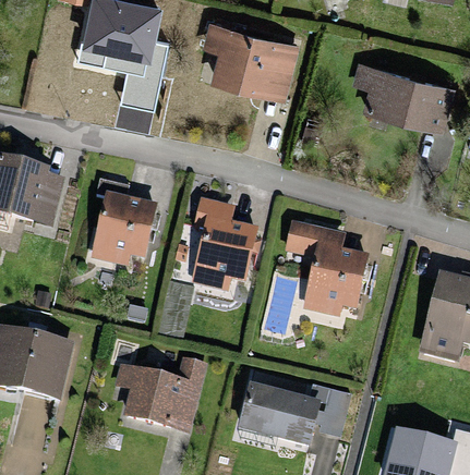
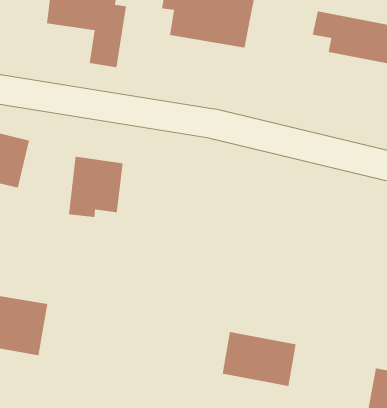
building: [193,203,251,284] -> none
building: [286,226,363,312] -> none
building: [113,367,202,429] -> none
building: [312,383,351,433] -> none

